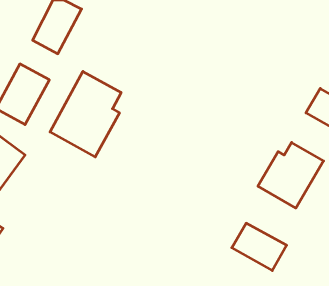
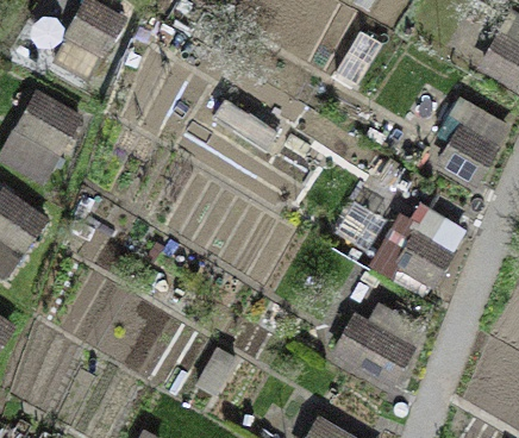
building: [50,71,121,157] -> none

